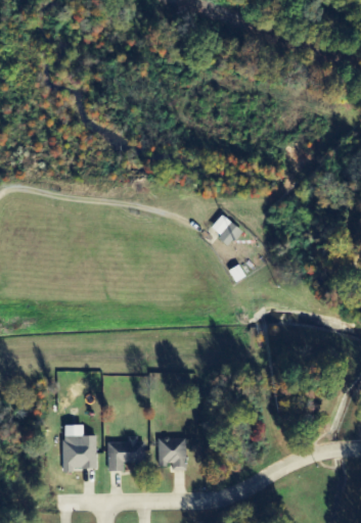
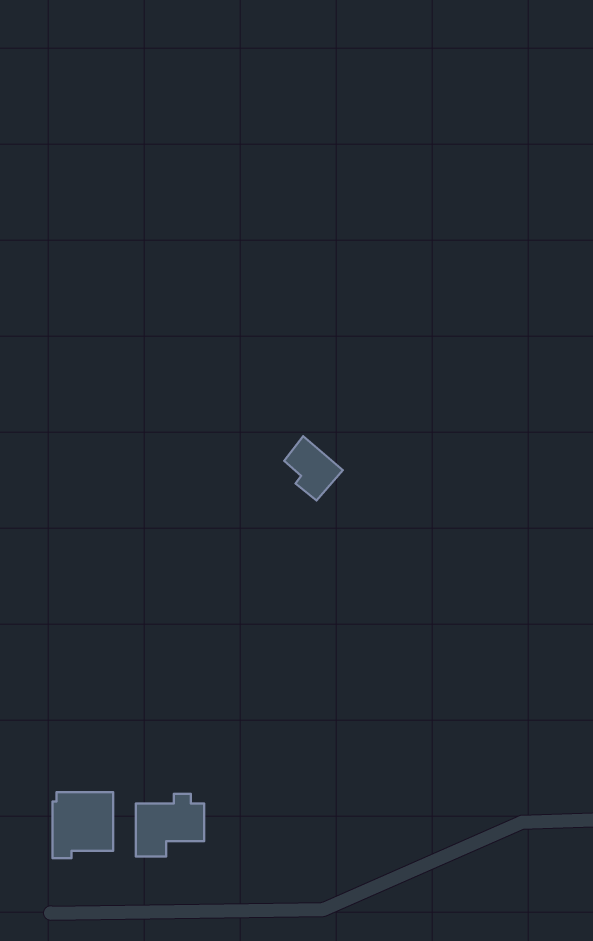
building: [211,213,242,248] -> [284,436,343,500]
building: [157,437,185,468] -> none

